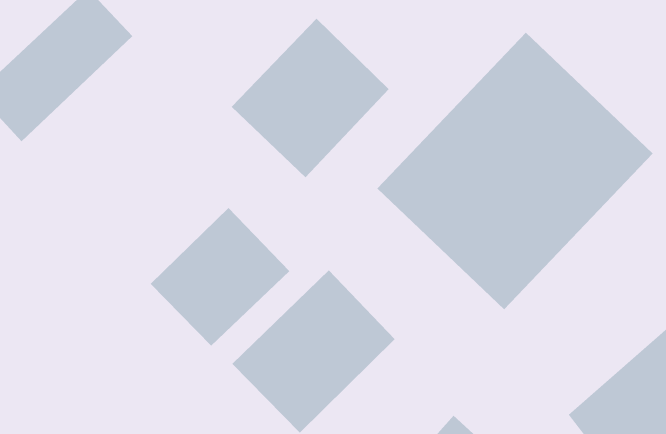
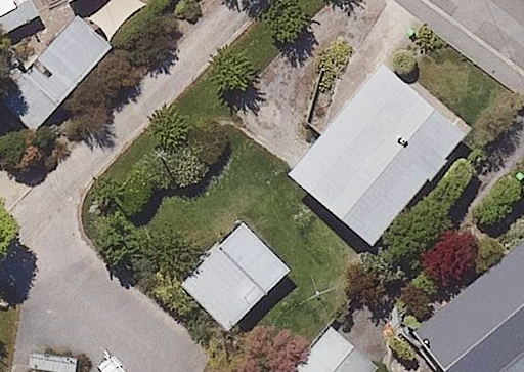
building: [231,18,390,178] -> none
building: [150,207,290,347] -> none

